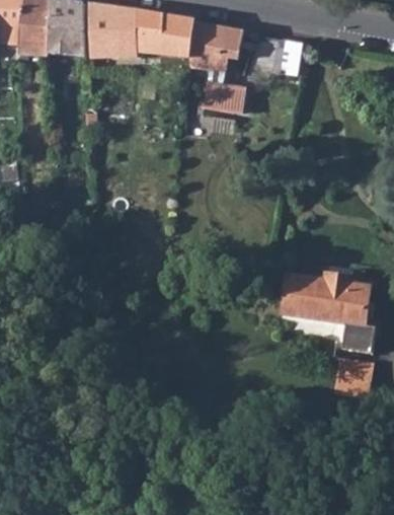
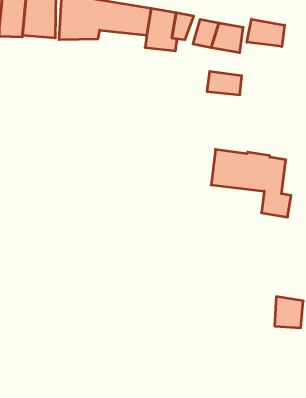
building: none -> [247,19,285,47]
building: [203,83,243,111] -> [207,71,242,95]
building: [274,271,368,350] -> [211,149,291,217]

